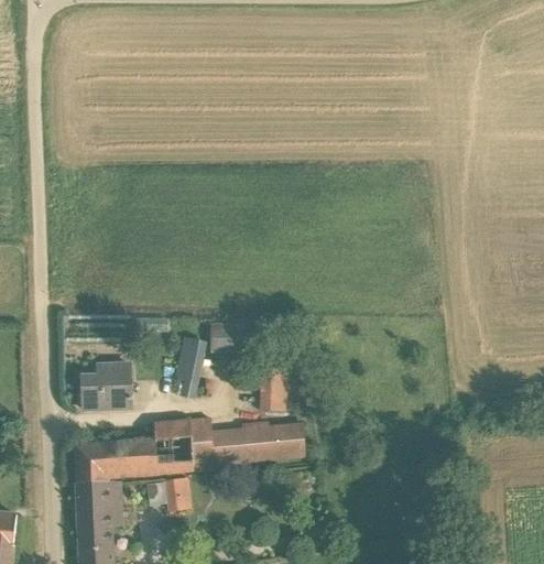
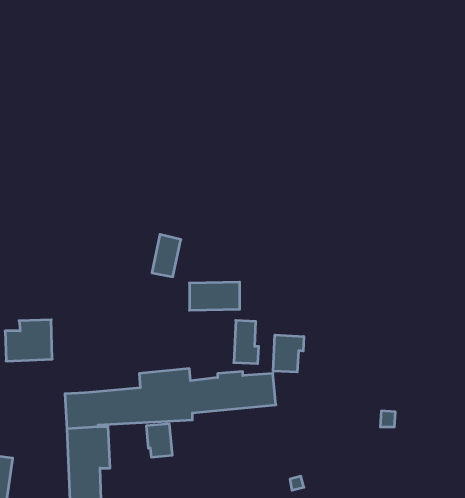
building: [174,336,206,382] -> [152,234,181,277]
building: [80,364,132,409] -> [5,320,52,361]
building: none -> [273,335,304,372]

